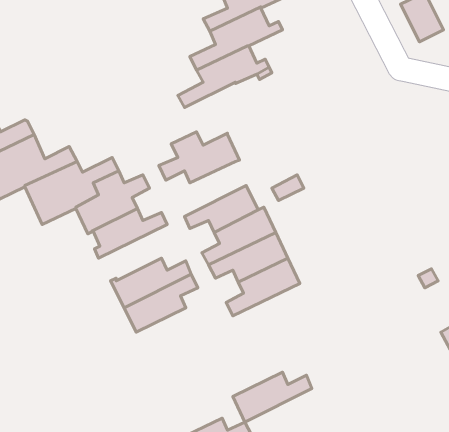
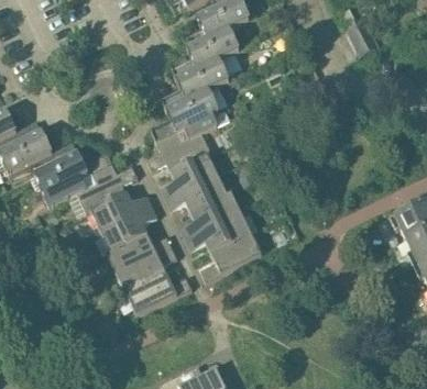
building: none -> [152,89,230,141]
building: none -> [162,154,218,199]
building: none -> [97,205,158,252]
building: [233,372,312,422] -> [128,274,193,314]

